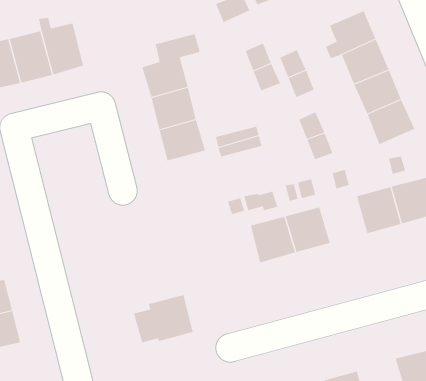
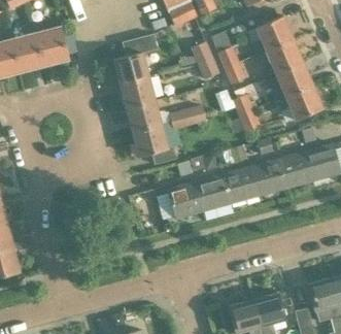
building: none -> [132,124,176,164]
building: none -> [249,159,285,195]
building: [133,295,194,343] -> [157,181,203,219]

